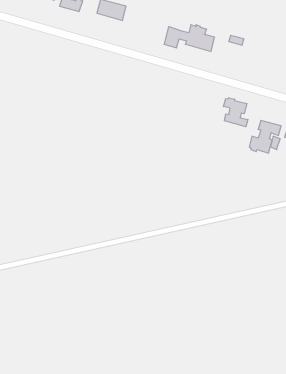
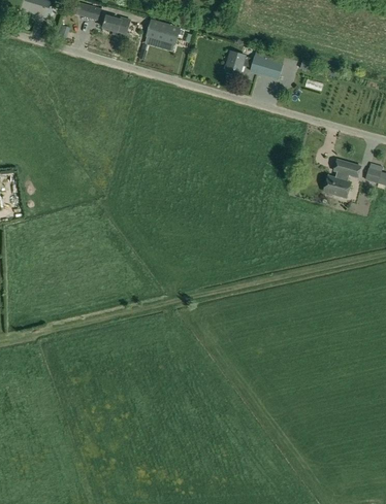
building: [223,98,248,127] -> none

